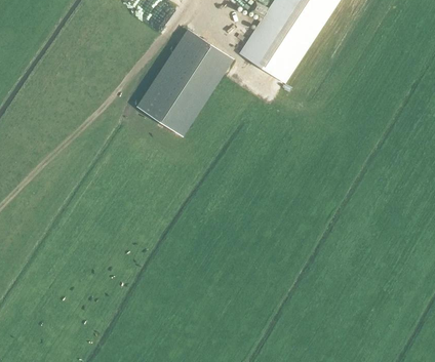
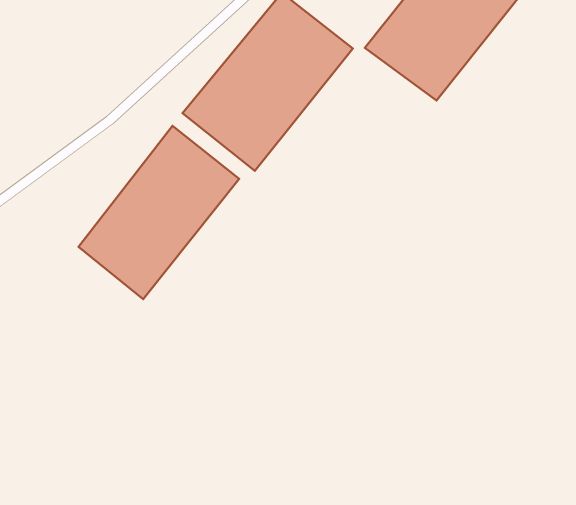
building: none -> [79,126,239,299]

